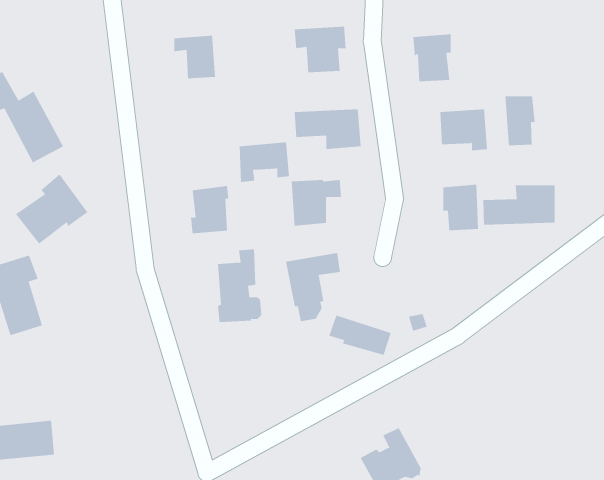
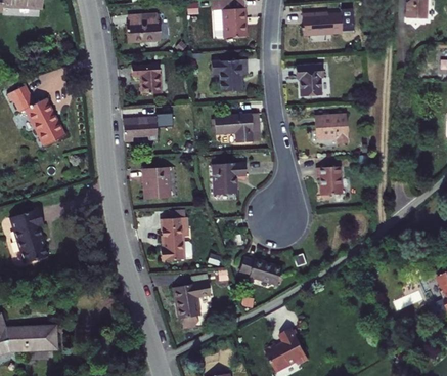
building: [505,95,535,146] -> none
building: [239,142,290,182] -> [125,115,160,142]
building: [15,173,88,244] -> none
building: [483,185,555,225] -> none
building: [285,253,341,322] -> [176,281,214,328]

